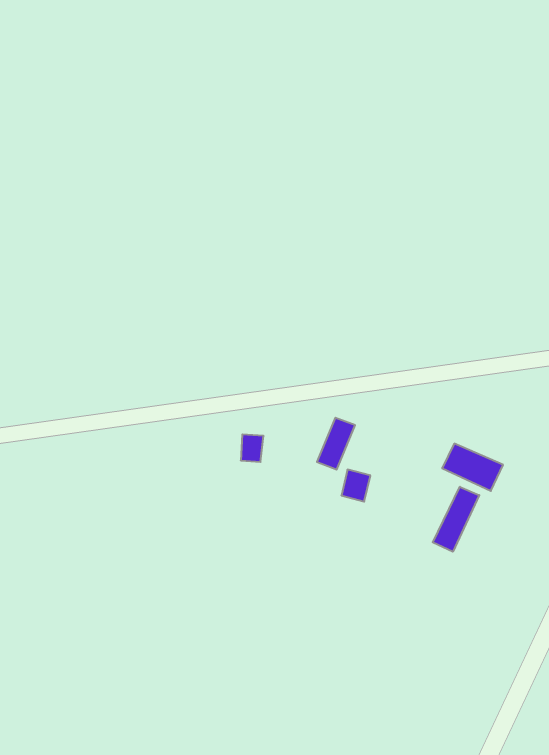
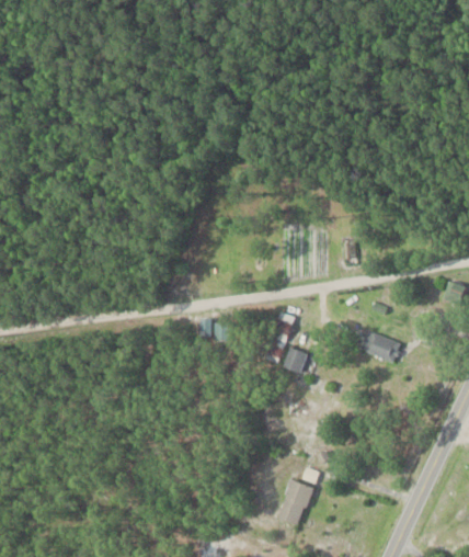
building: [433,487,479,552] -> none
building: none -> [277,479,313,526]

